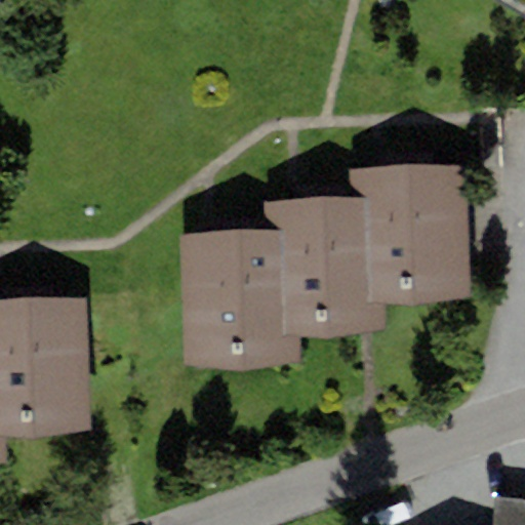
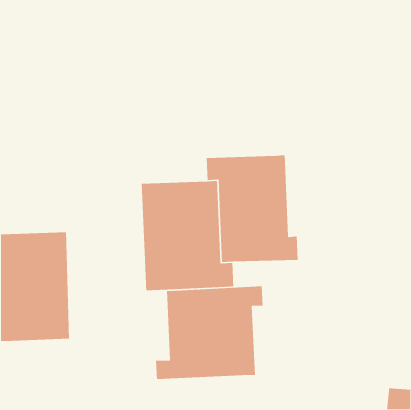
building: [350,164,472,301] -> none
building: none -> [155,285,264,380]

